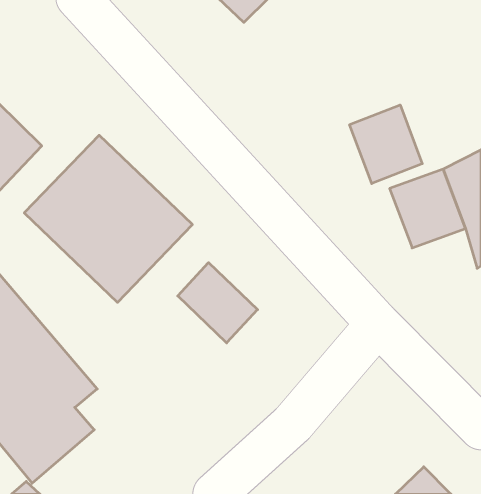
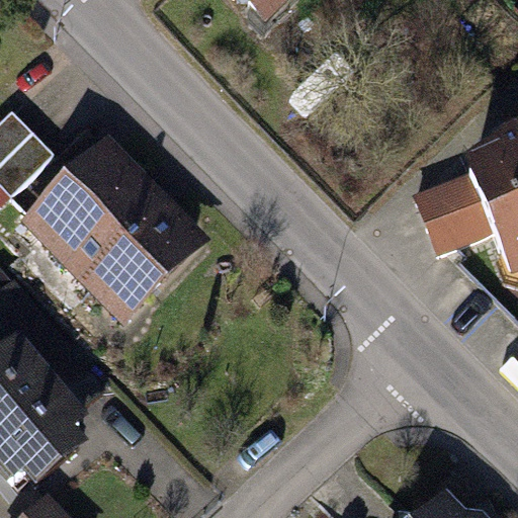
building: [350,105,422,184] -> none
building: [178,263,258,343] -> none

